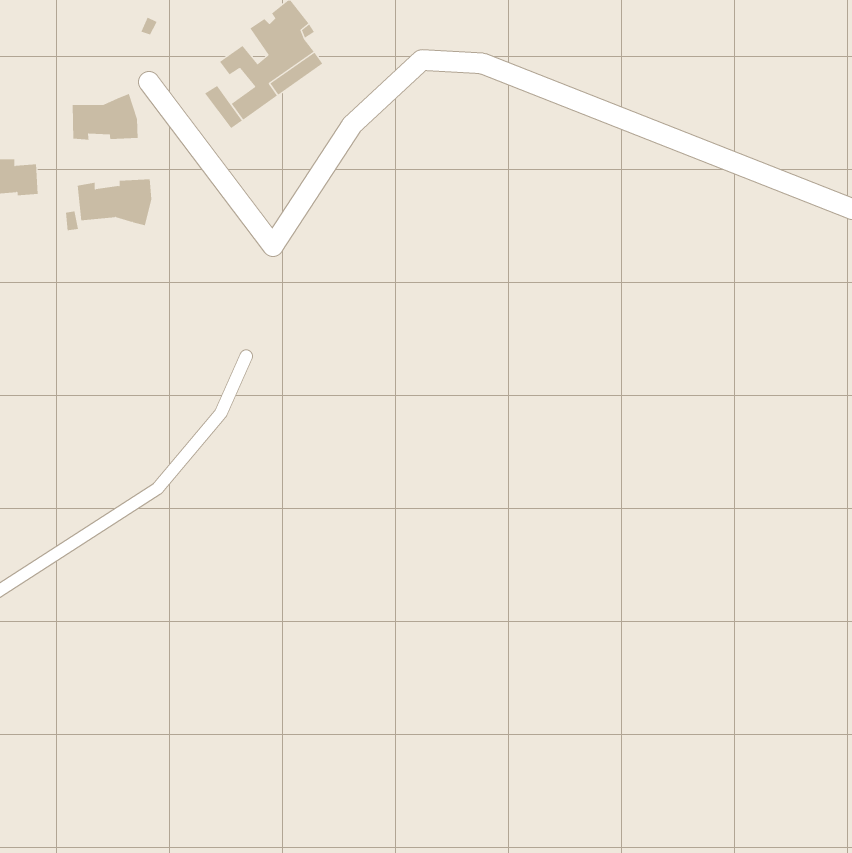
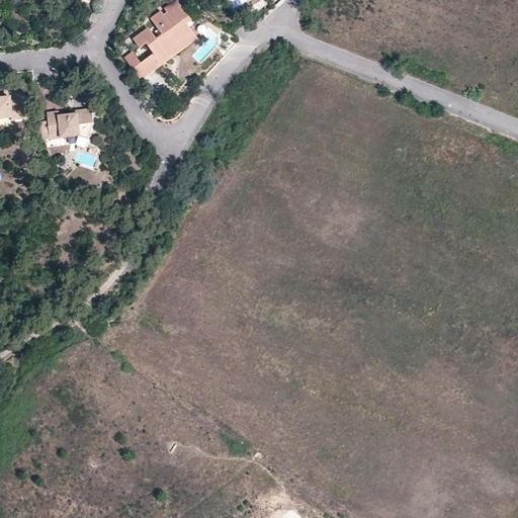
building: [72,93,138,141] -> none

